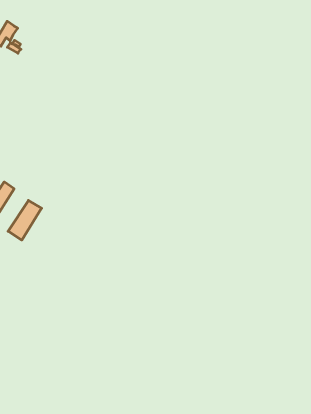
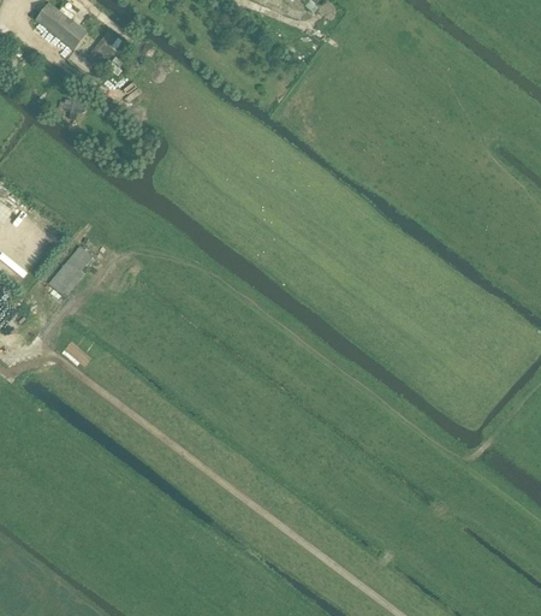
building: [8,200,42,240] -> none

